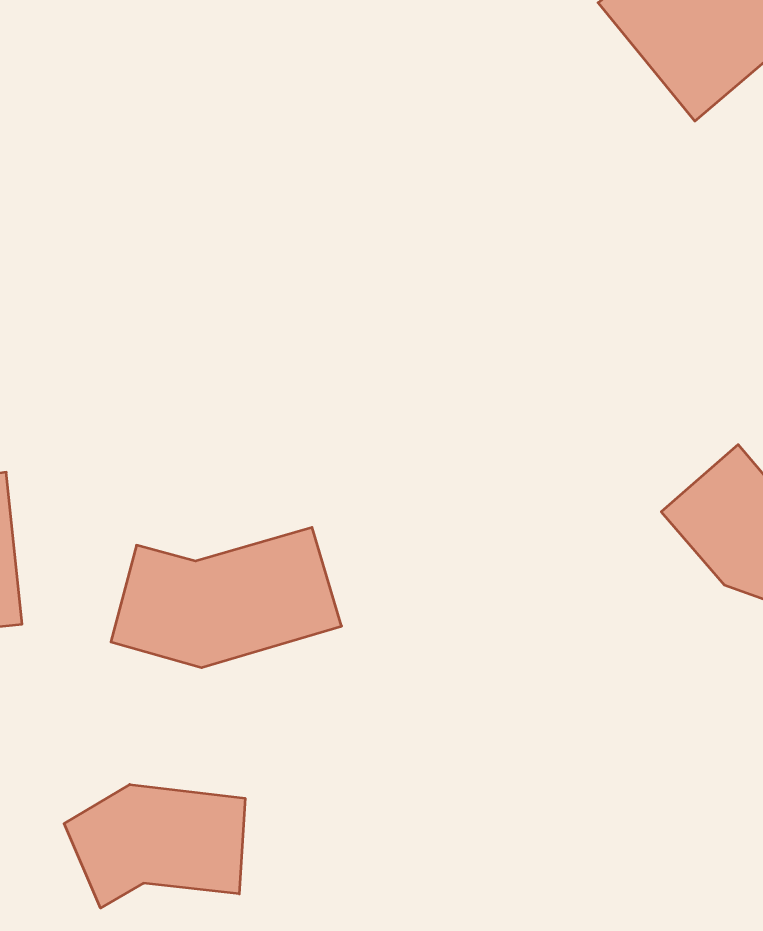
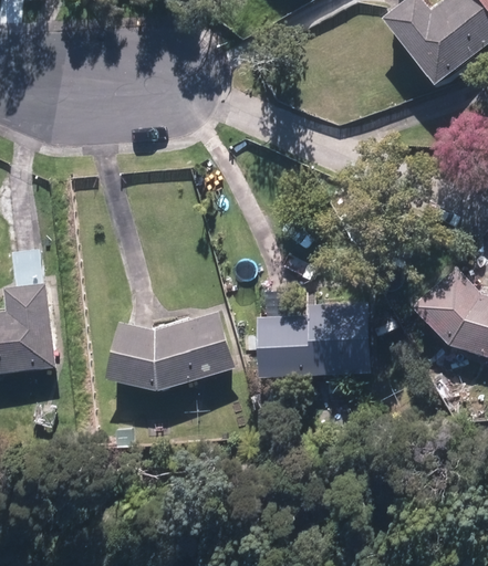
building: none -> [258,302,368,376]
building: [64,784,245,908] -> none

